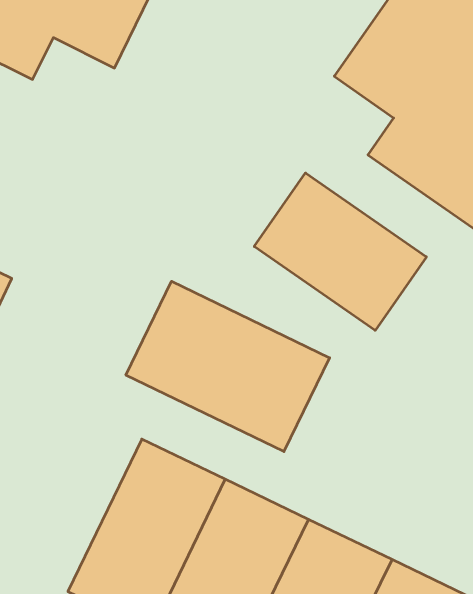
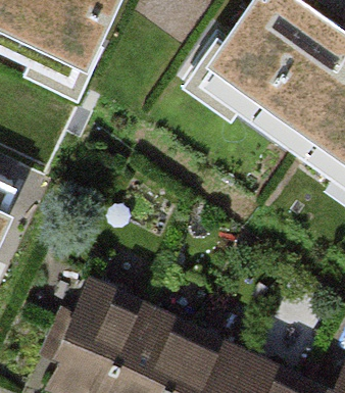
building: [254,173,426,330] -> none
building: [126,281,330,452] -> none

